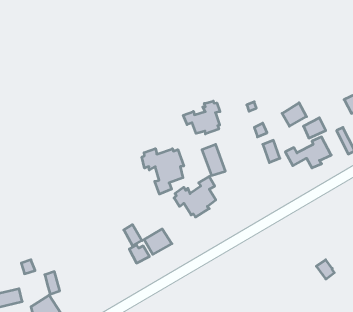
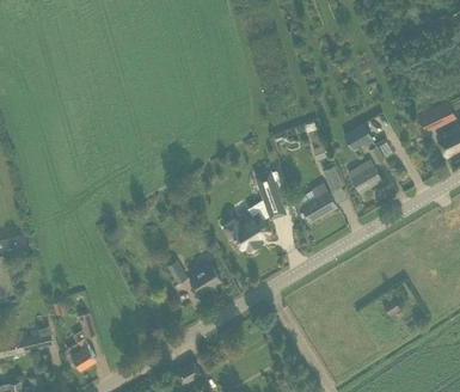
building: [183,101,220,134] -> none
building: [142,149,184,194] -> none
building: none -> [299,179,336,219]

